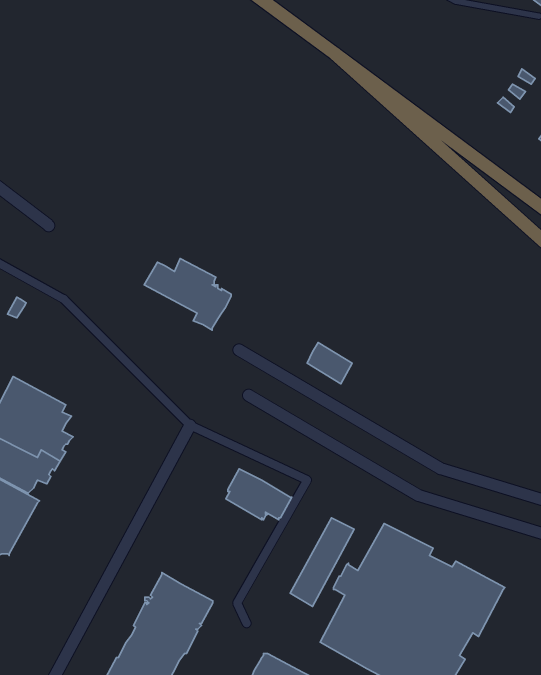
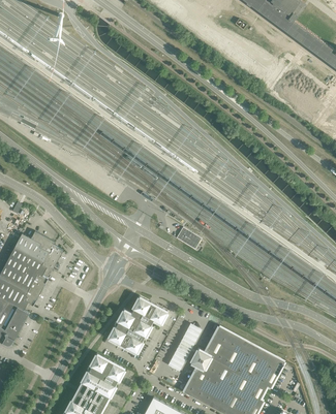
building: [144,258,231,330] -> [14,232,62,272]
building: none -> [108,310,152,354]

